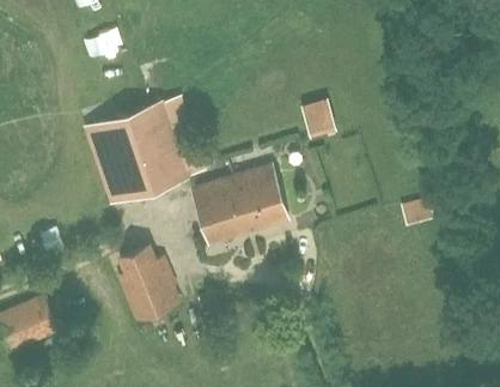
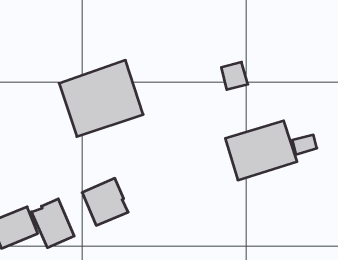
building: [191,164,288,244] -> [225,121,297,180]
building: none -> [31,199,74,248]

